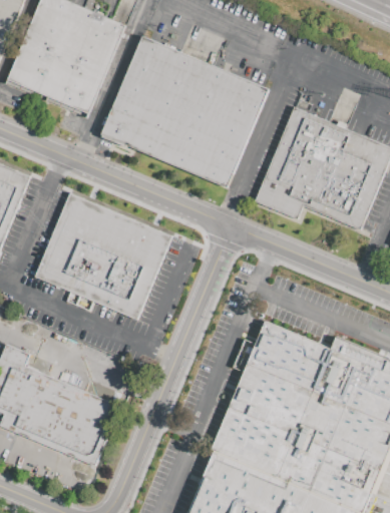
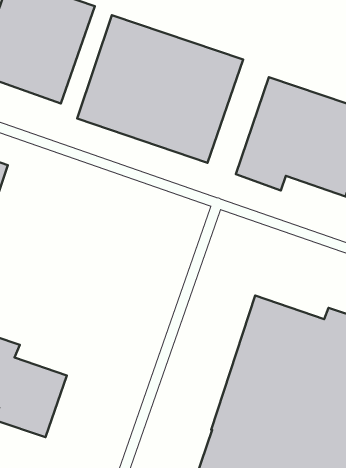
building: [34,193,172,320] -> none
building: [49,387,119,465] -> none

